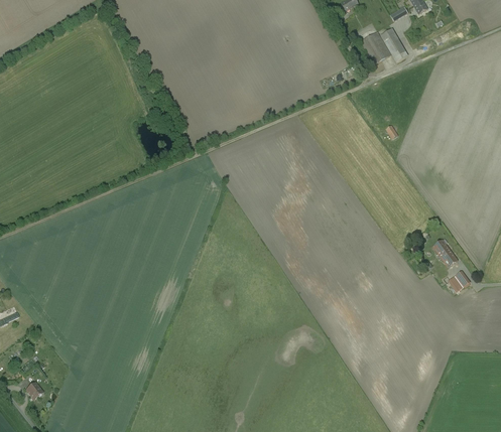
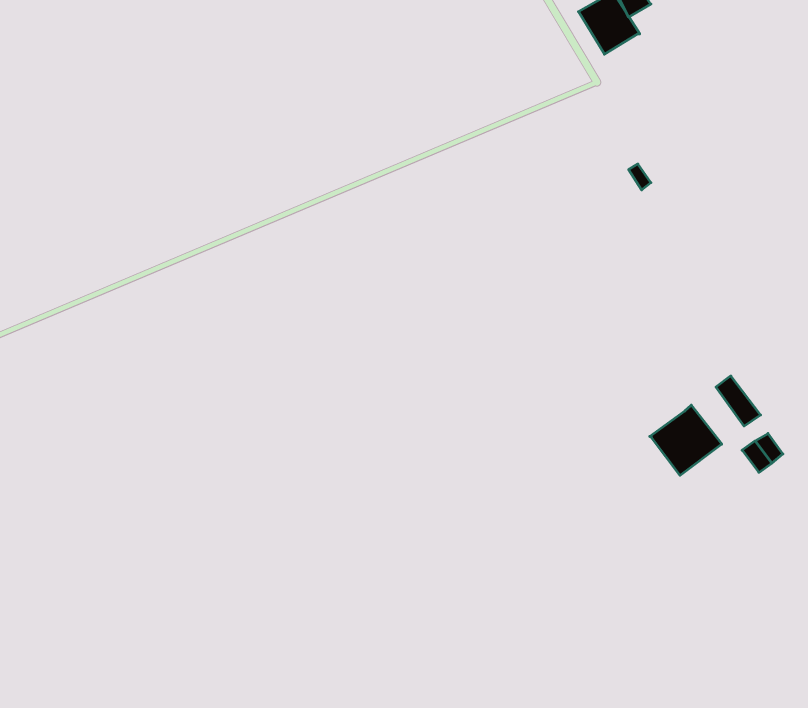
building: none -> [650,405,722,475]

